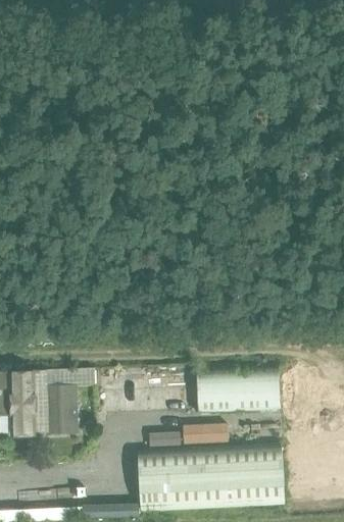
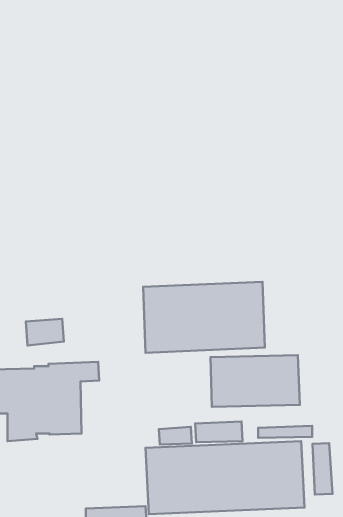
building: none -> [143,282,265,353]
building: none -> [26,319,64,346]
building: none -> [313,443,332,495]

